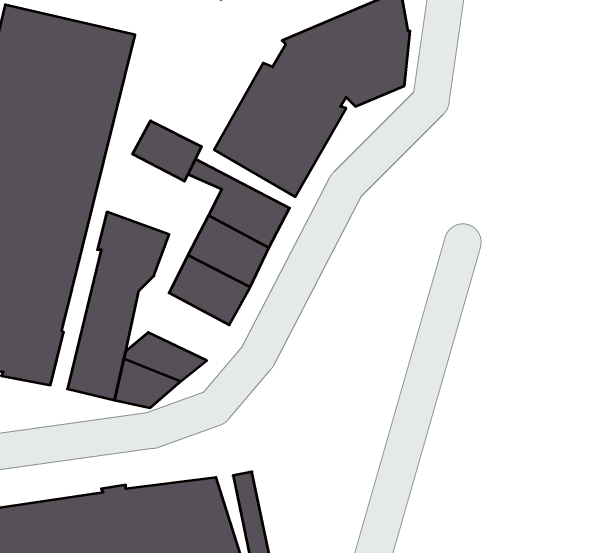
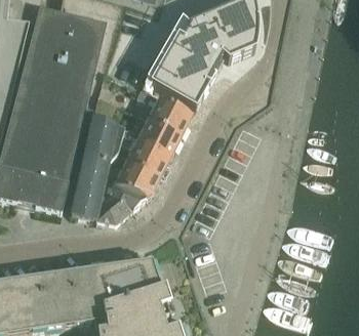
building: [133,121,201,181] -> none
building: none -> [114,160,158,197]

